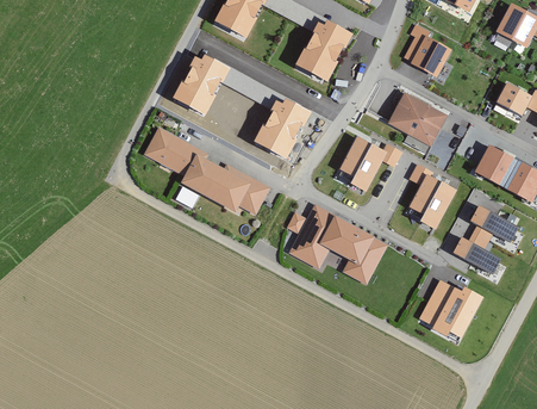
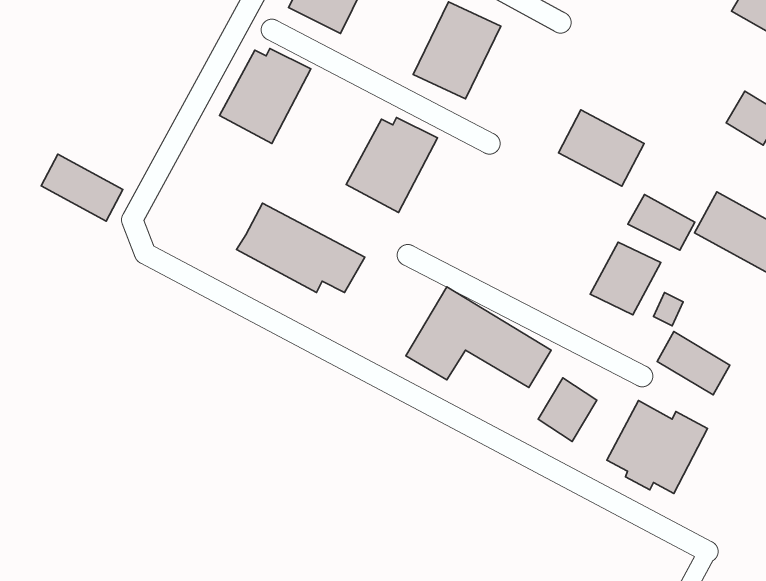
building: [413,36,449,73] -> none
building: [146,129,199,172] -> [41,154,123,221]
building: [339,136,383,185] -> none
building: [469,205,512,241] -> [628,194,695,250]
building: none -> [538,378,597,442]

